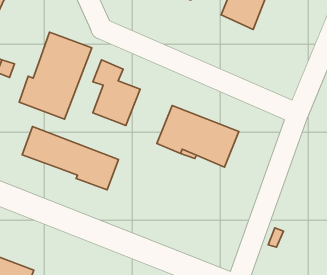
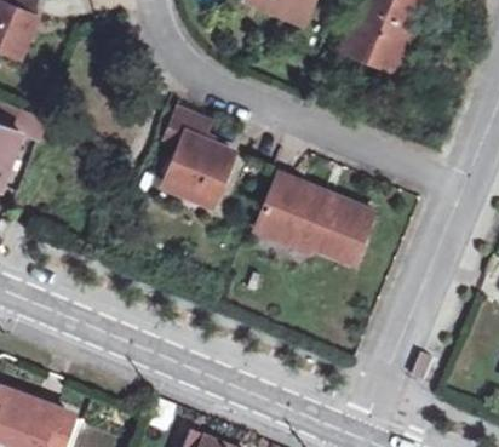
building: [19,32,92,119] -> none
building: [22,126,118,190] -> none

